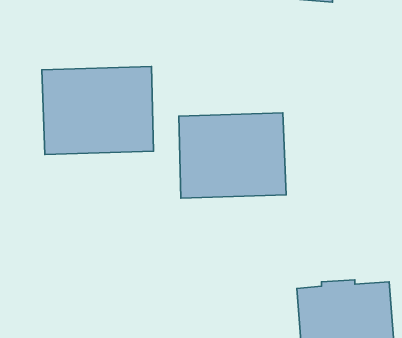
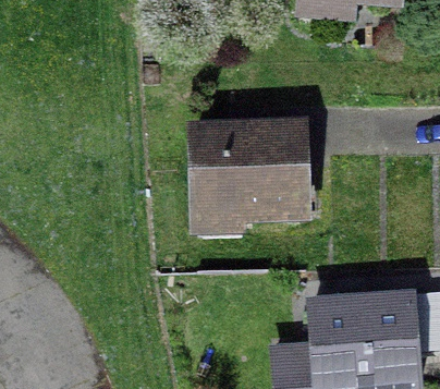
building: [42,67,153,154] -> none

